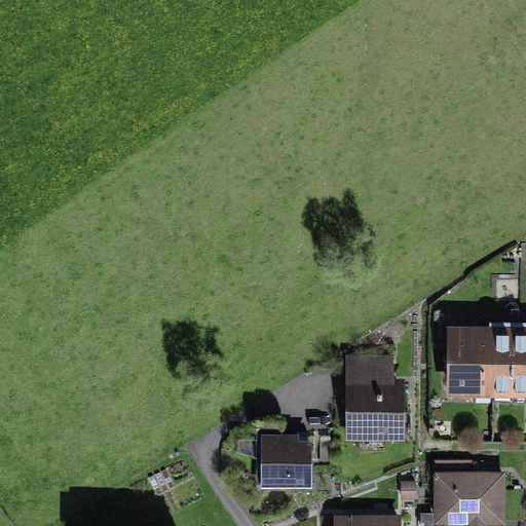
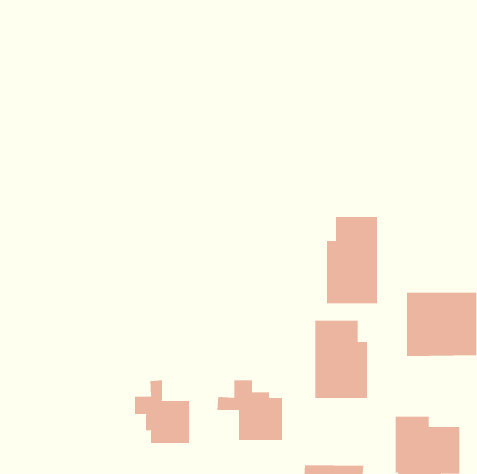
building: none -> [327,216,377,304]
building: none -> [135,380,190,444]

